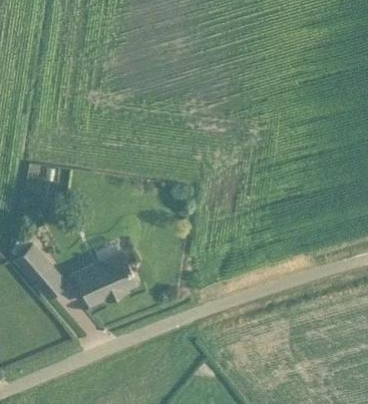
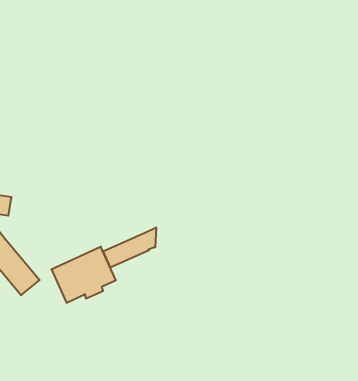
building: none -> [103,227,156,268]

